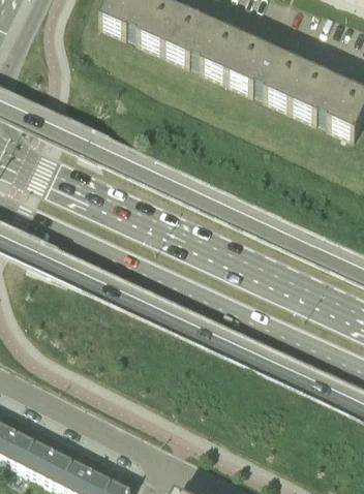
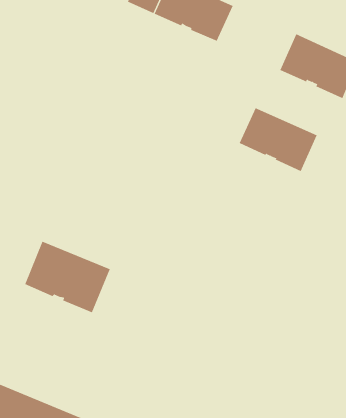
building: [230,37,309,102] -> [239,107,318,172]
building: none -> [25,241,110,313]

